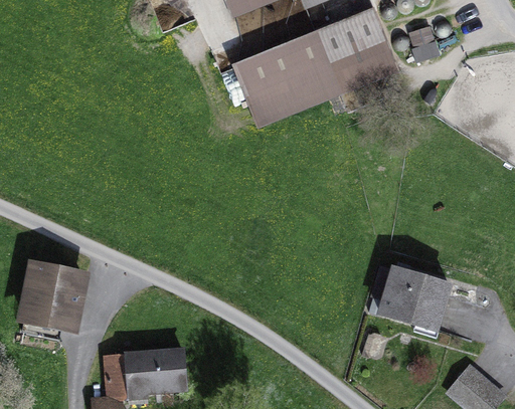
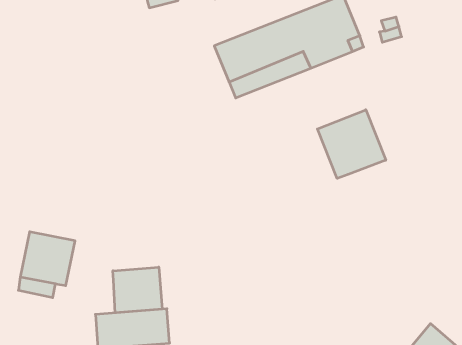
building: none -> [317,110,386,178]
building: [371,260,448,329] -> none
building: none -> [113,267,162,313]

